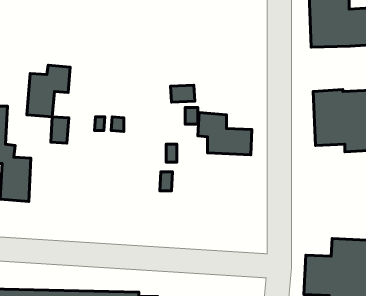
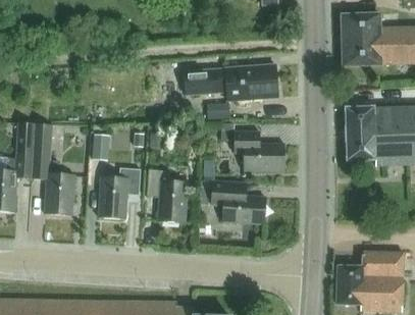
building: none -> [186,64,278,100]
building: [27,65,70,117] -> [99,168,141,218]
building: none -> [147,170,187,221]
building: none -> [211,181,265,224]

